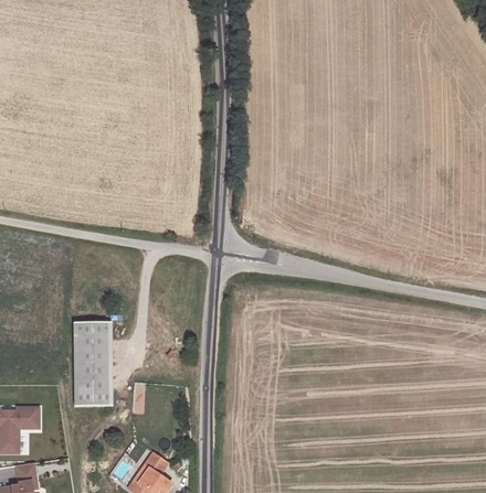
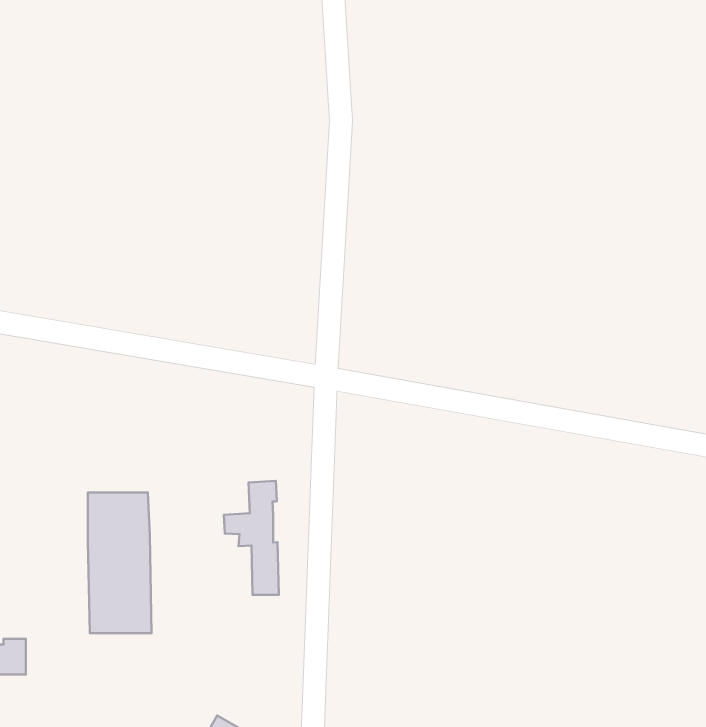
building: none -> [224,481,279,595]

